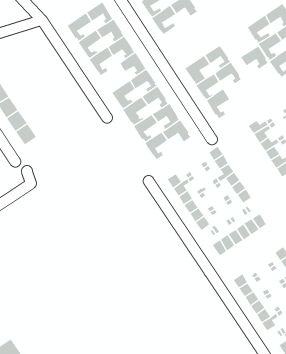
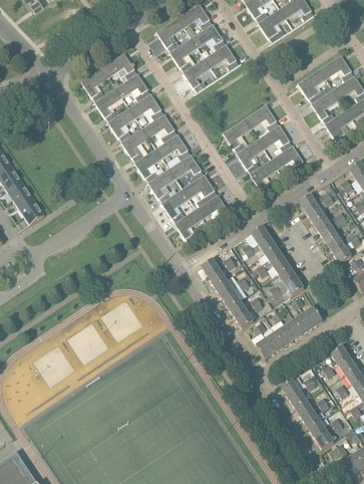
building: [240,45,269,70] -> [271,145,305,174]
building: none -> [121,127,150,162]

